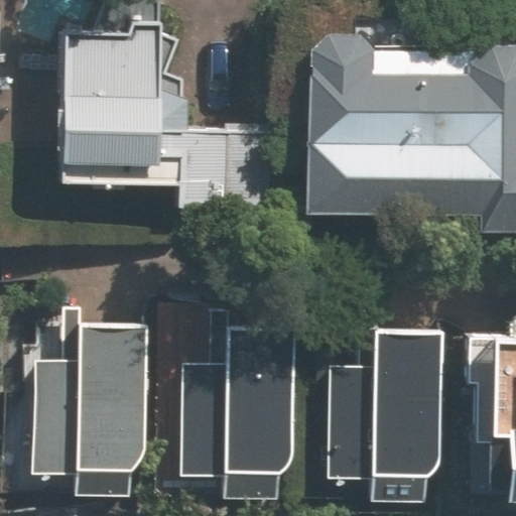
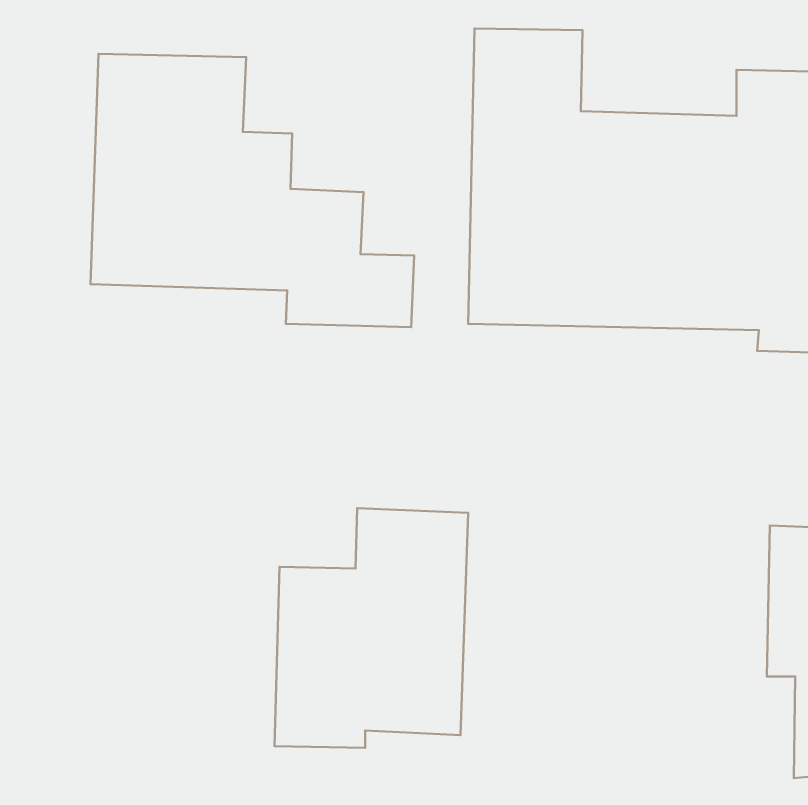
building: [32,326,141,474] -> none
building: [330,332,442,480] -> none

